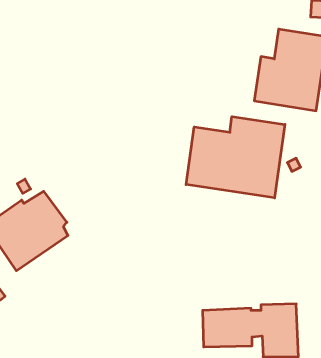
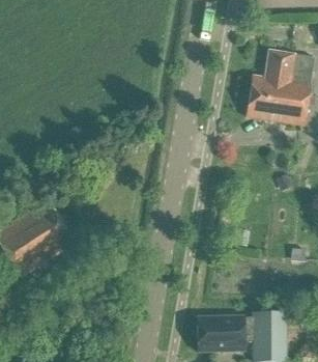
building: [186,117,285,198] -> none

